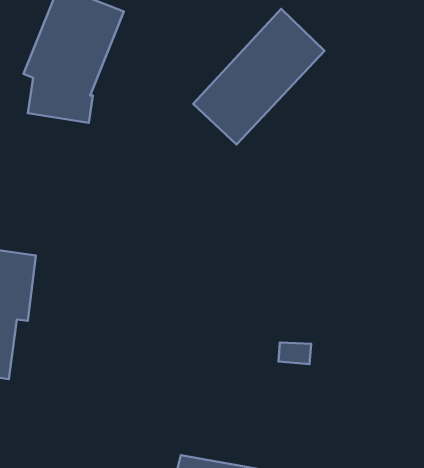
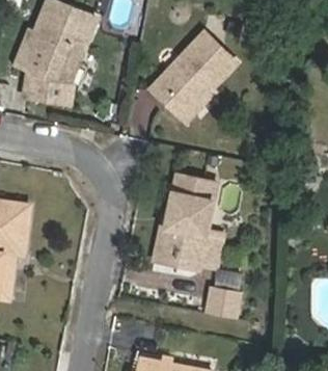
building: none -> [159,175,223,268]
building: none -> [201,286,240,319]

